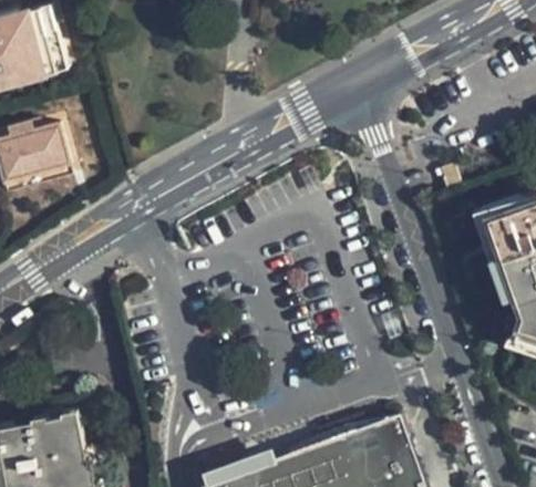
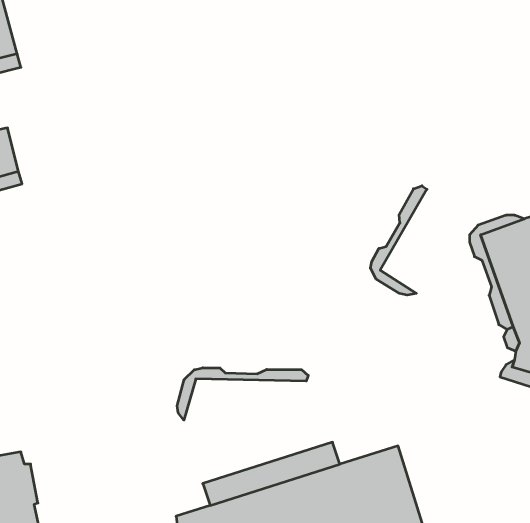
building: none -> [370,186,427,295]
building: none -> [177,368,308,420]

